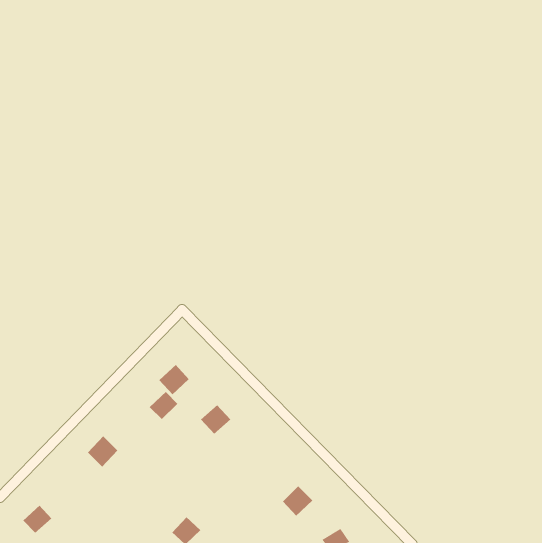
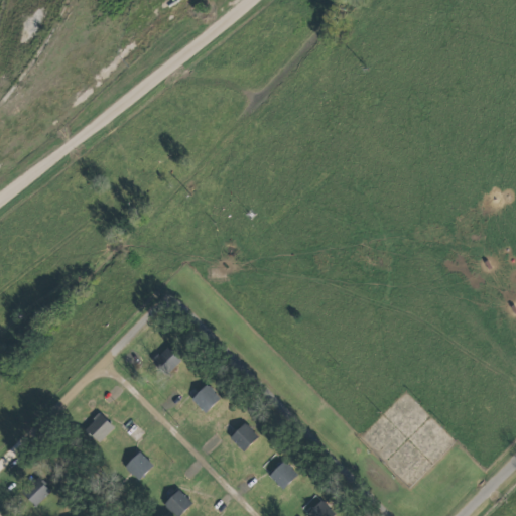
building: [149,391,178,420] -> none
building: none -> [230,423,259,452]
building: none -> [125,452,153,480]

